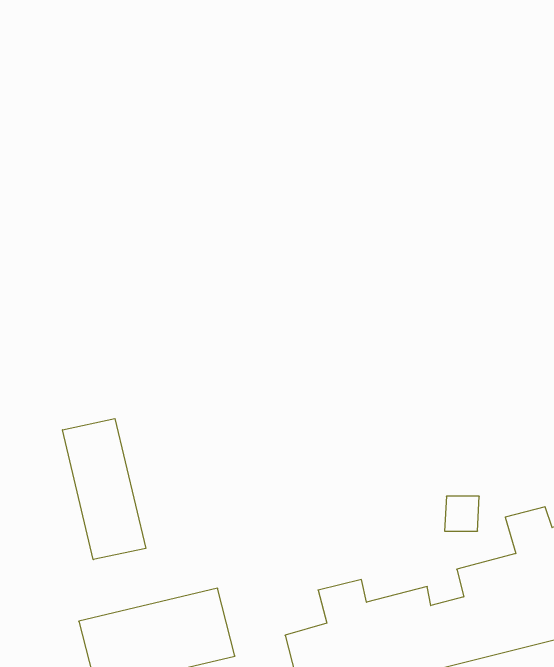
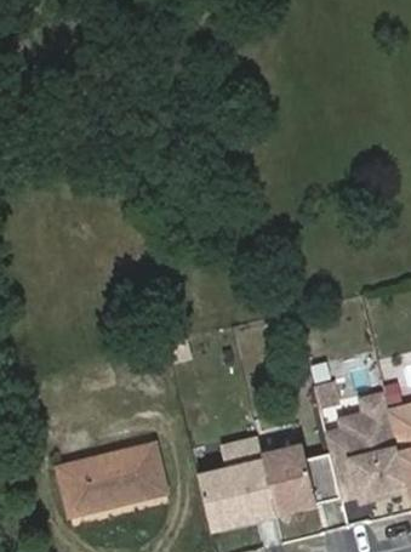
building: [63,419,146,560] -> none

